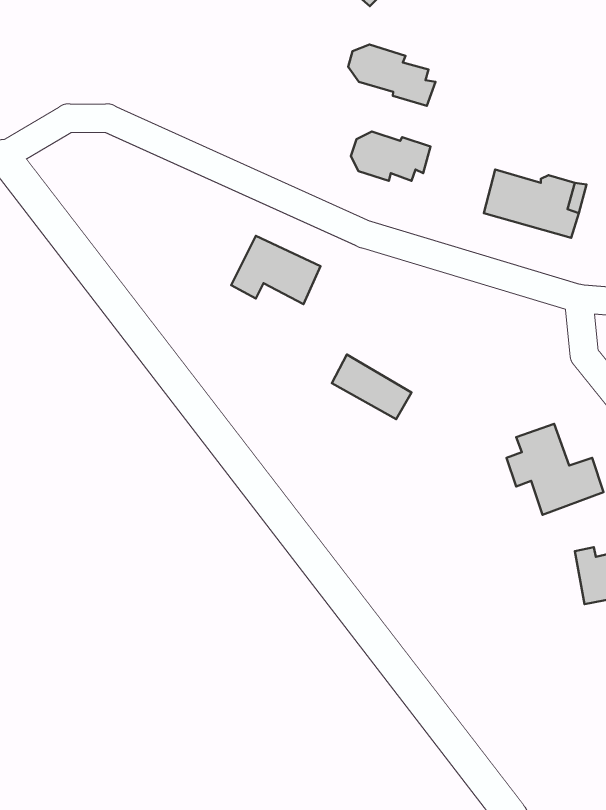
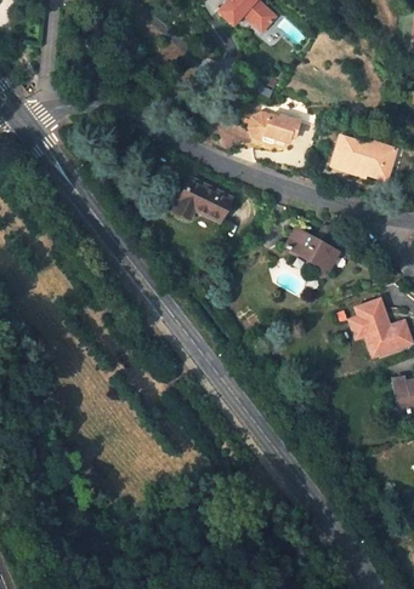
building: [348,44,435,106] -> none
building: [332,355,411,419] -> [285,228,336,269]

